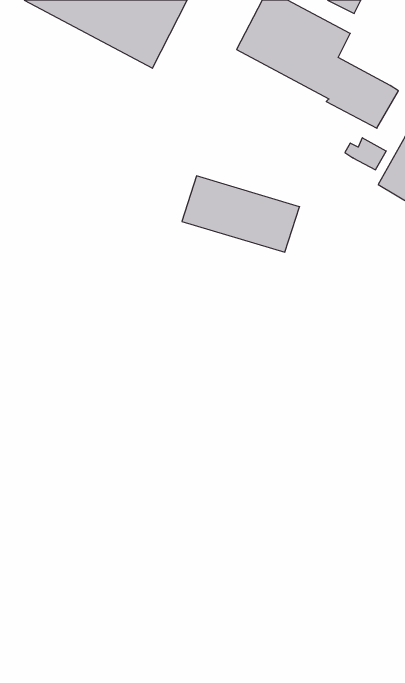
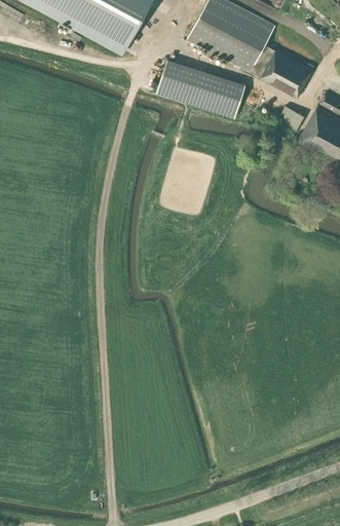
building: [182,176,300,252] -> [151,59,241,117]

